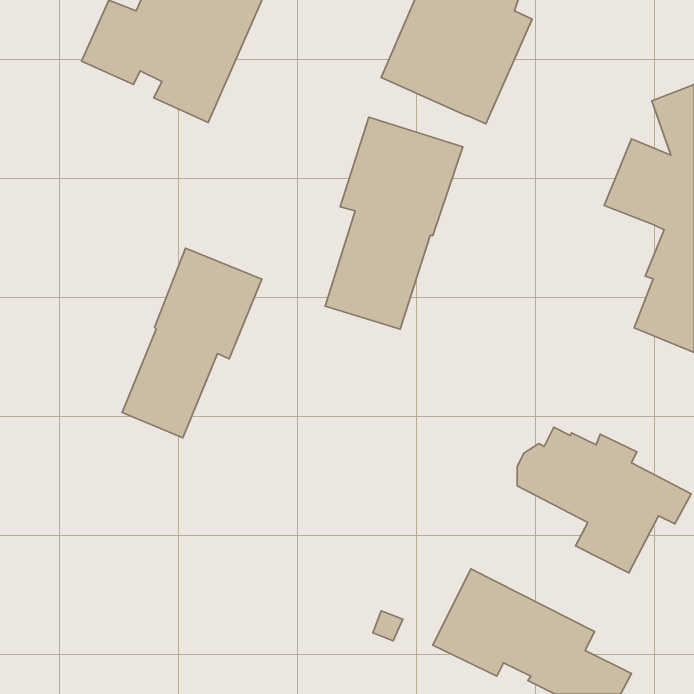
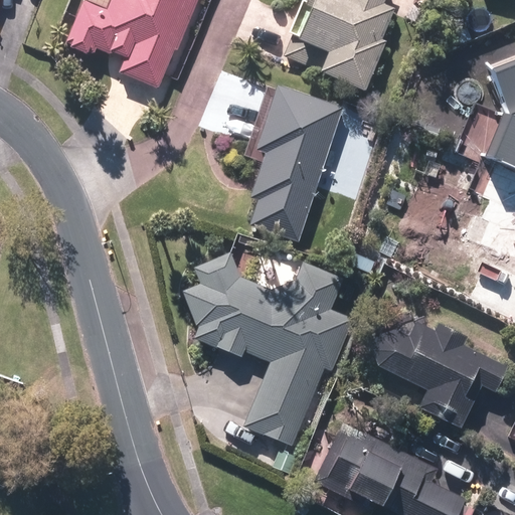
building: [122,248,262,438] -> none
building: none -> [188,254,354,446]

